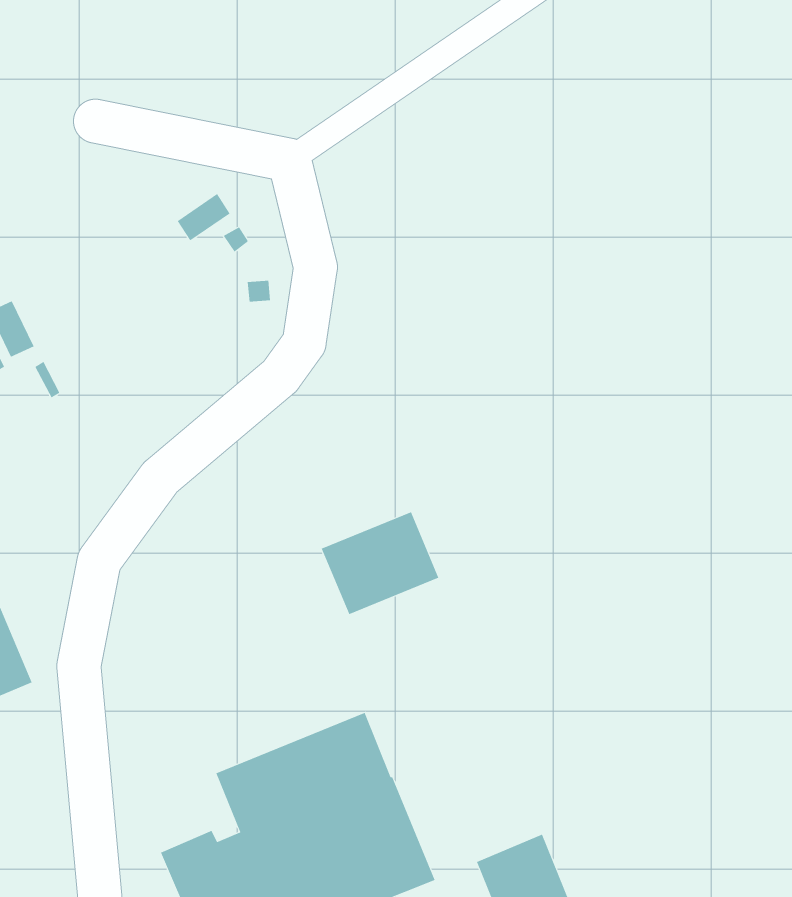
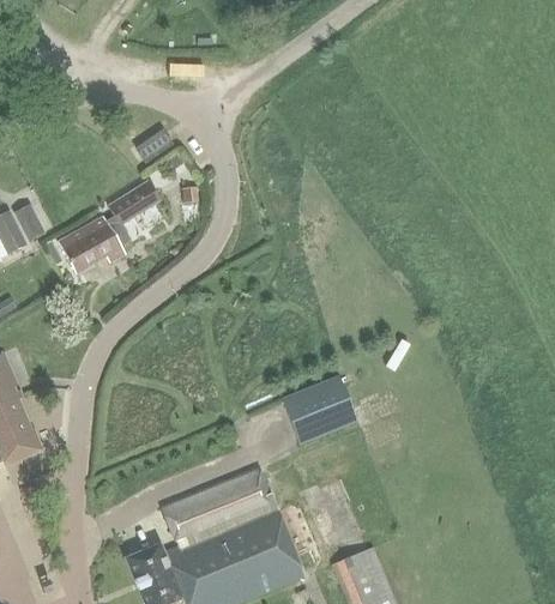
building: none -> [56,182,159,274]
building: [321,511,439,615] -> [280,378,357,445]

